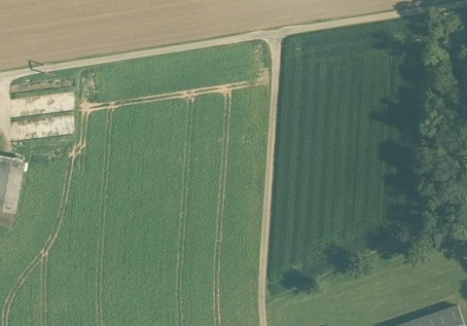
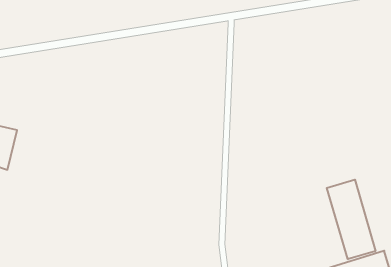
building: none -> [327,180,375,259]

